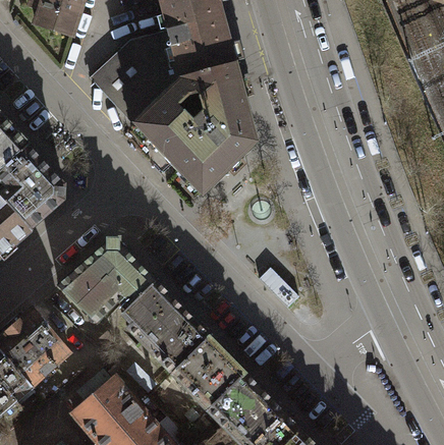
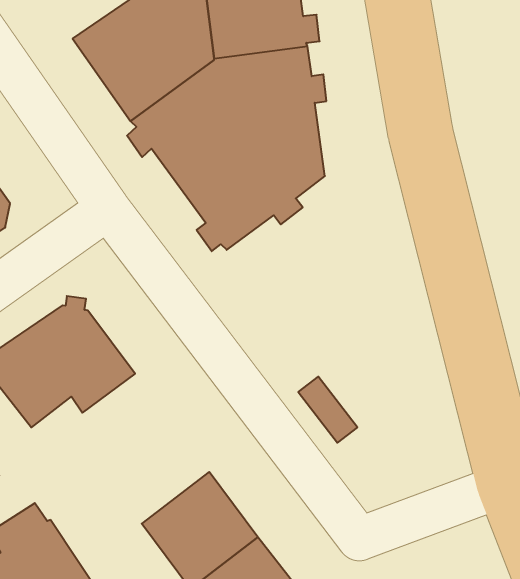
building: [121,281,209,374] -> none

